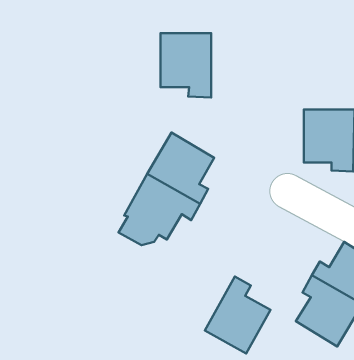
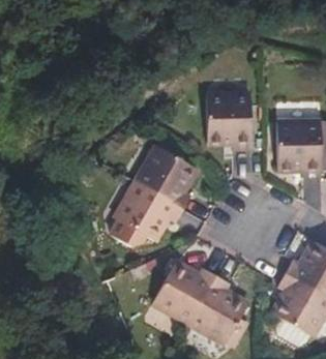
building: [161,33,211,98] -> [206,96,251,154]
building: none -> [152,263,215,322]

